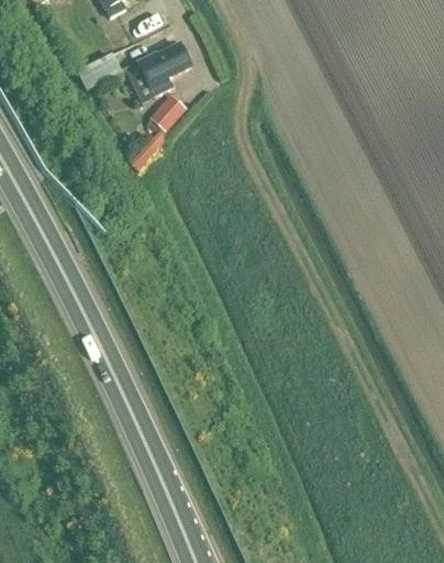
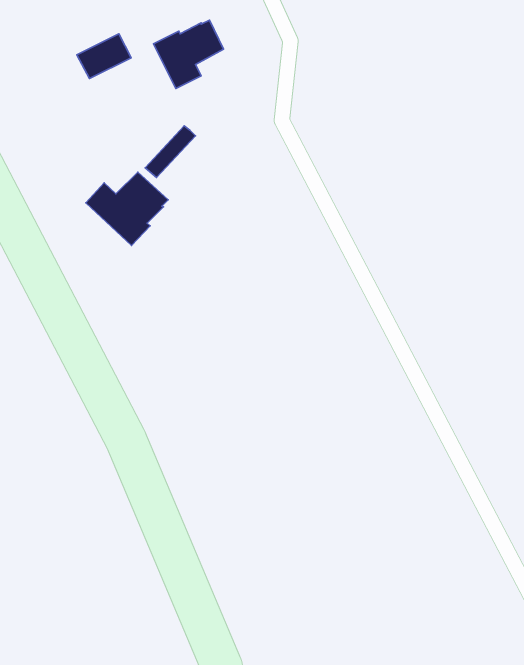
building: [149,92,187,130] -> none
building: none -> [86,172,168,246]

